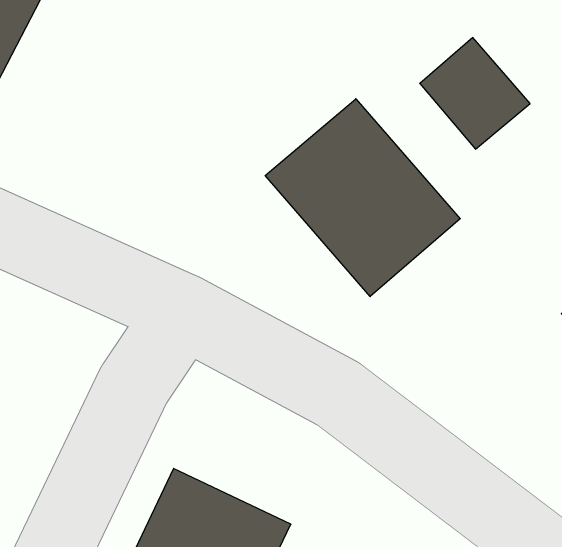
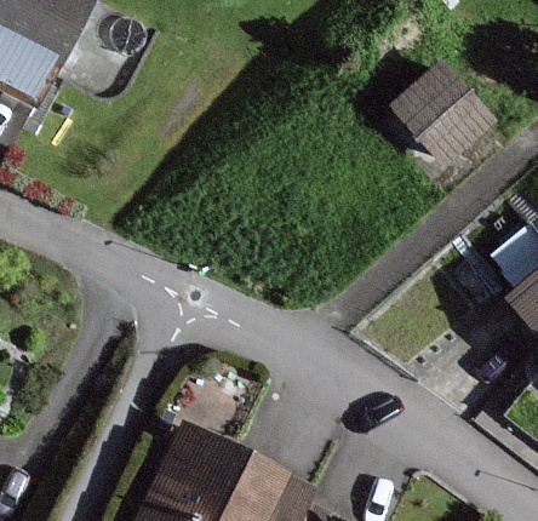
building: [265,99,460,297] -> none

